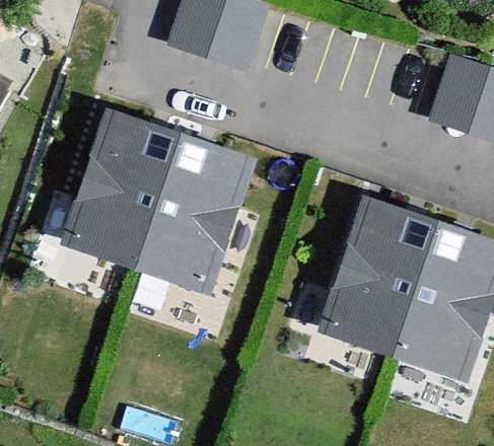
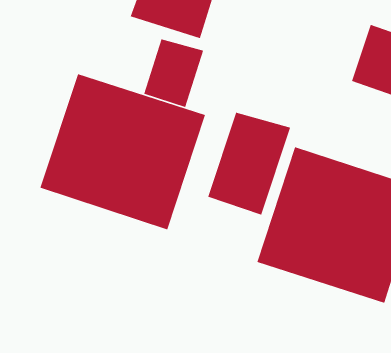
building: none -> [143,38,204,108]
building: none -> [208,112,291,216]

